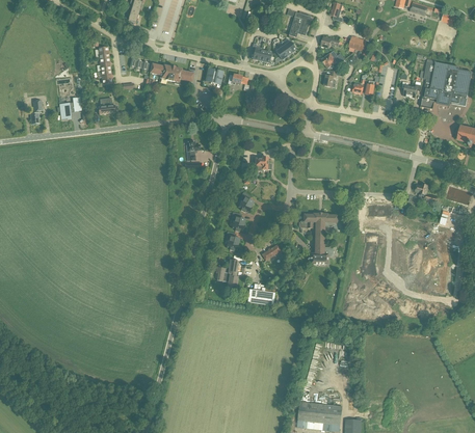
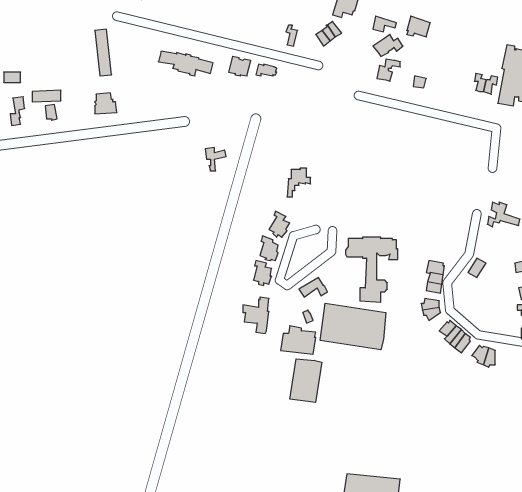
building: none -> [320,303,386,350]
building: none -> [290,359,322,402]

